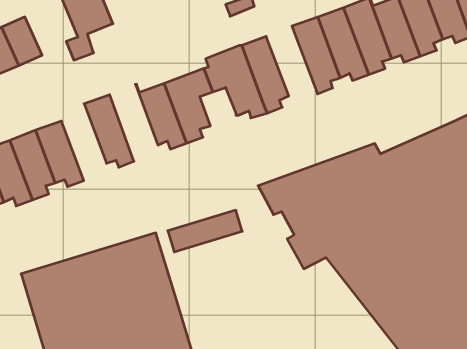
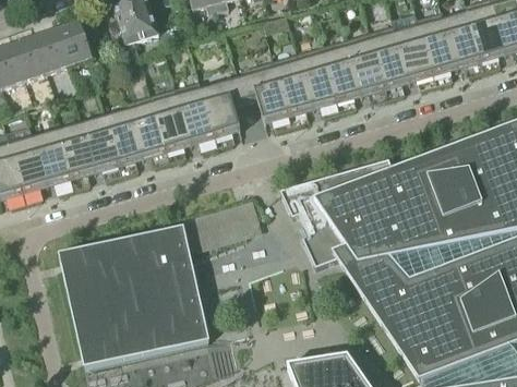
building: none -> [297,45,339,112]
building: none -> [151,87,191,157]
building: none -> [105,101,143,171]

